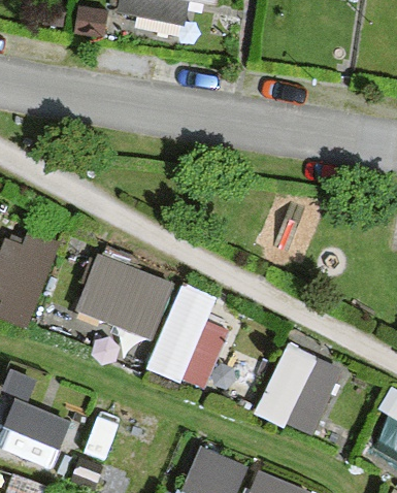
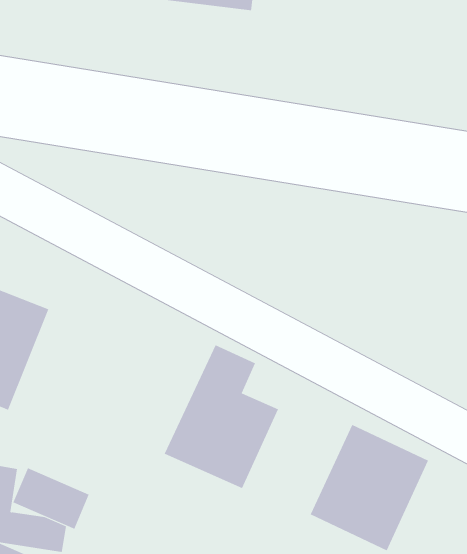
building: [76,255,172,336] -> none

